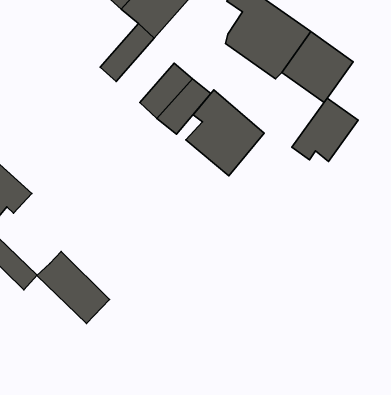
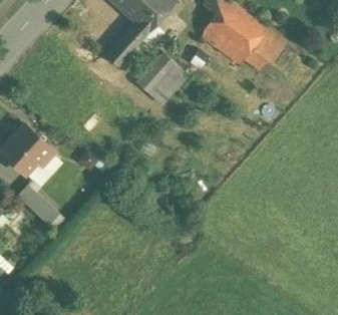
building: [186,90,264,176] -> none
building: [292,98,358,162] -> none
building: [37,252,110,323] -> none

